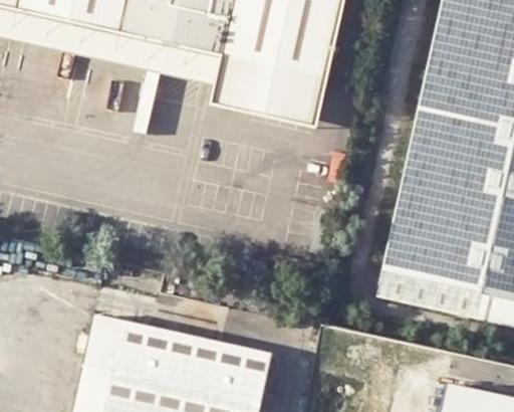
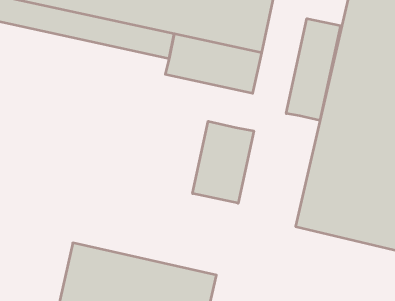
building: none -> [286,19,341,121]
building: none -> [193,121,254,203]

